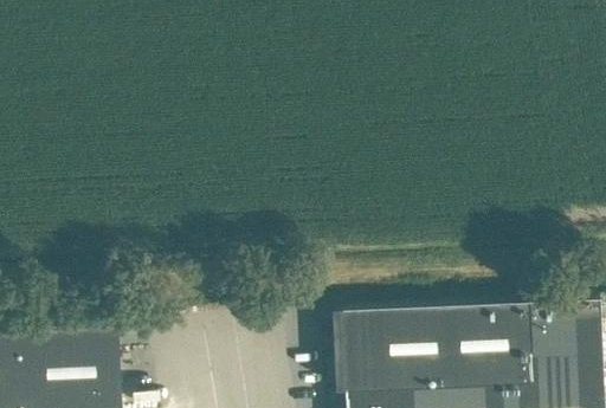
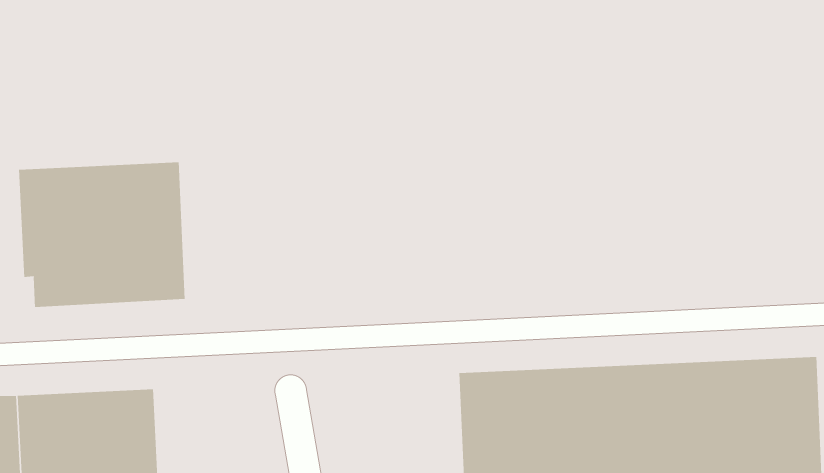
building: none -> [19,162,185,308]

